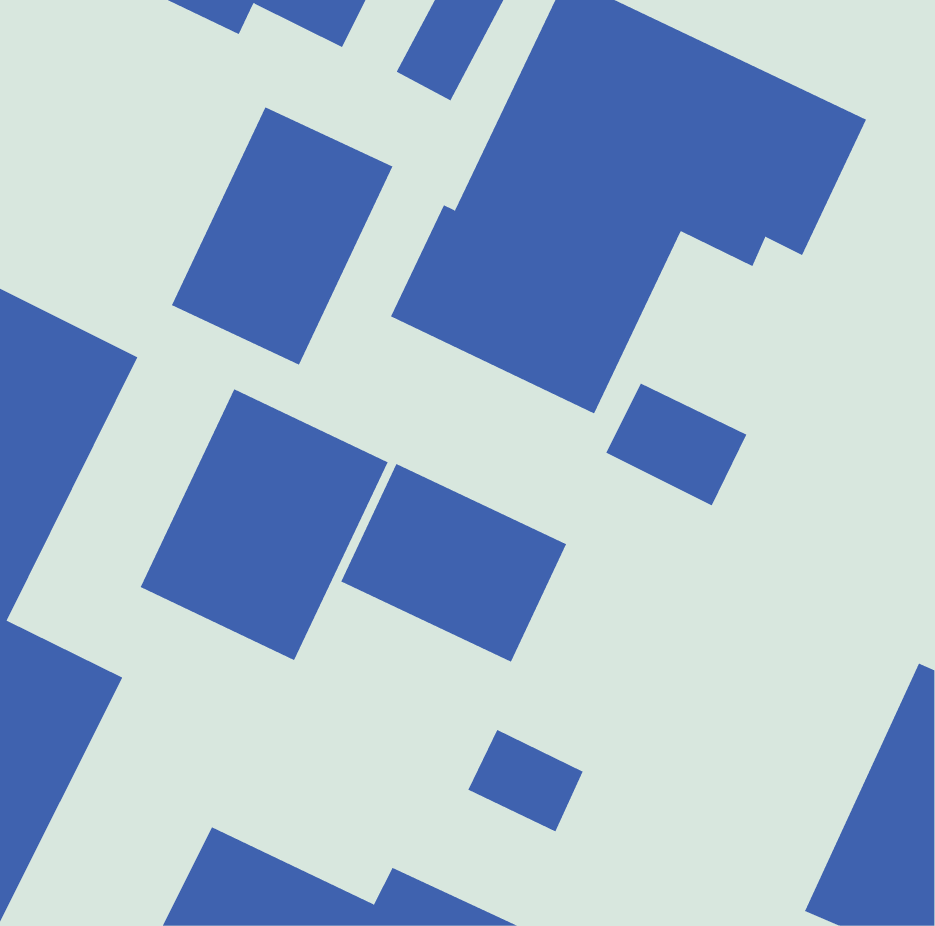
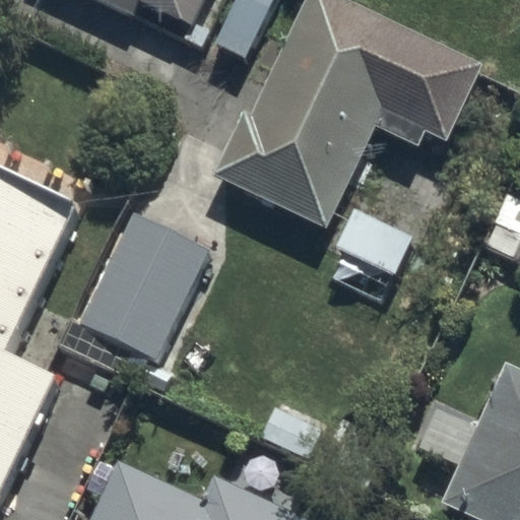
building: [171,106,393,365] -> none
building: [341,463,567,663] -> none

